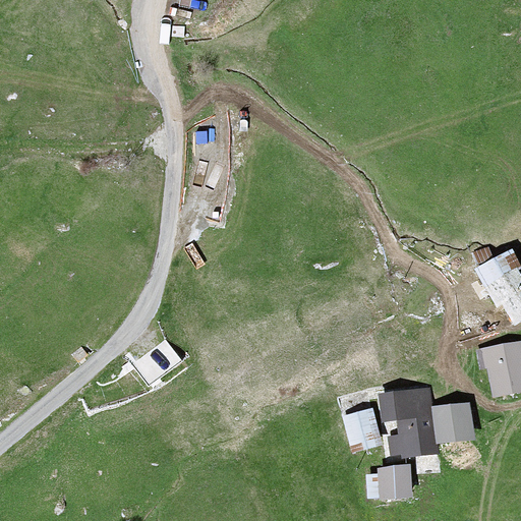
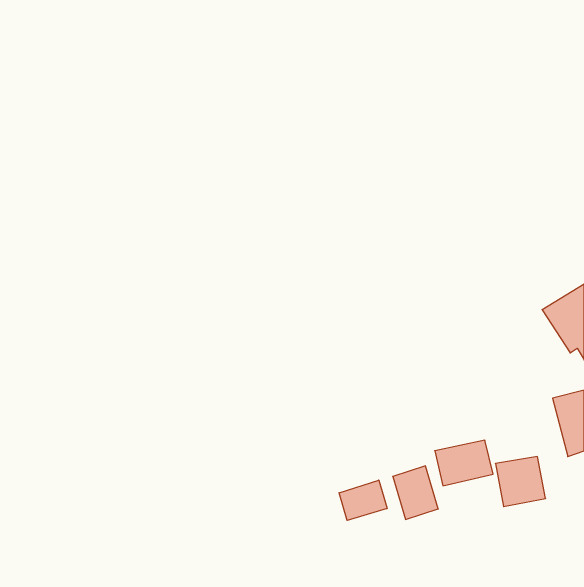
building: [387,418,438,460] -> none
building: none -> [339,480,387,520]
building: [380,463,416,501] -> none

